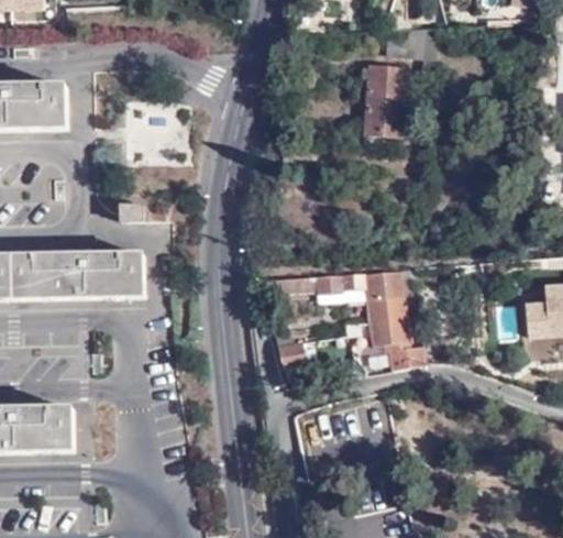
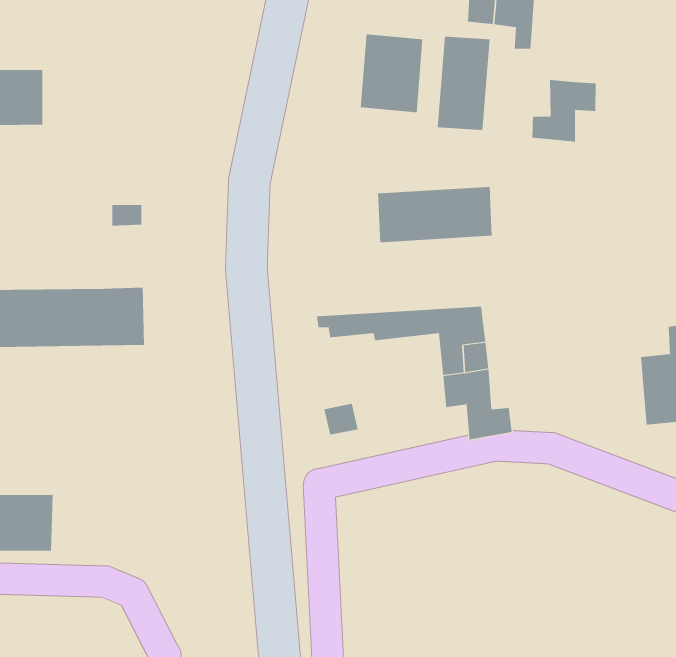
building: none -> [360,34,423,113]
building: none -> [532,79,596,143]
building: none -> [378,186,492,243]

